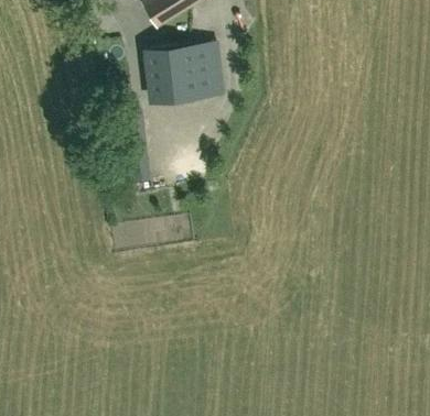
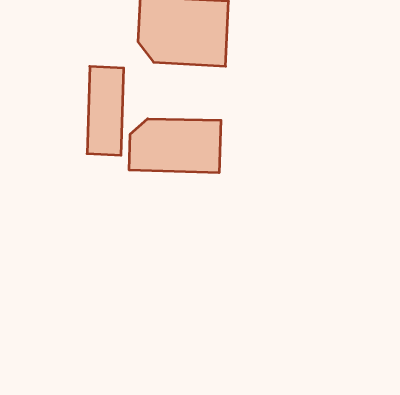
building: none -> [129,119,221,173]

